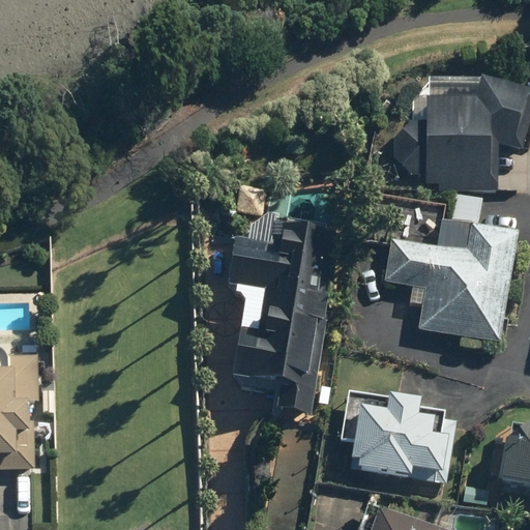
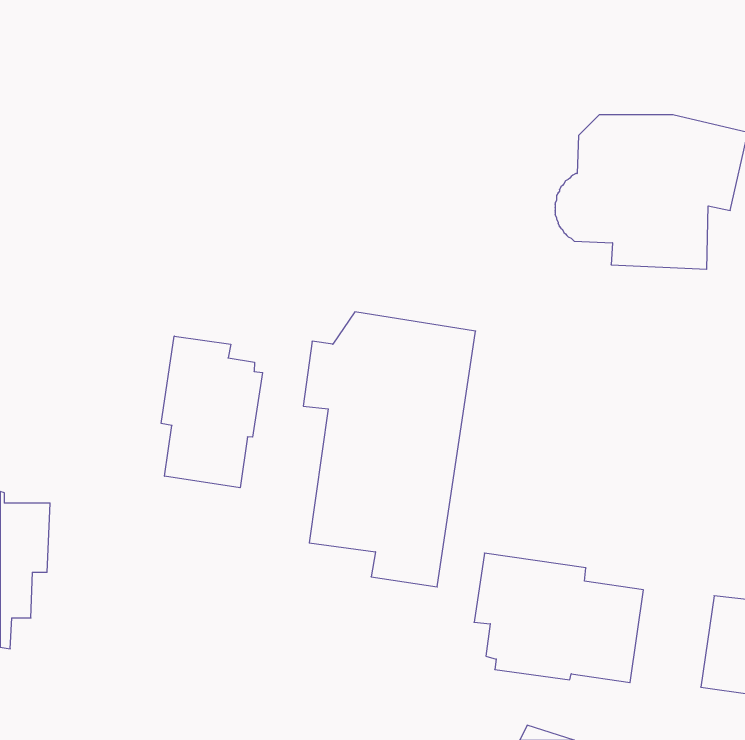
building: [384,220,520,343] -> none
building: none -> [161,336,263,488]

